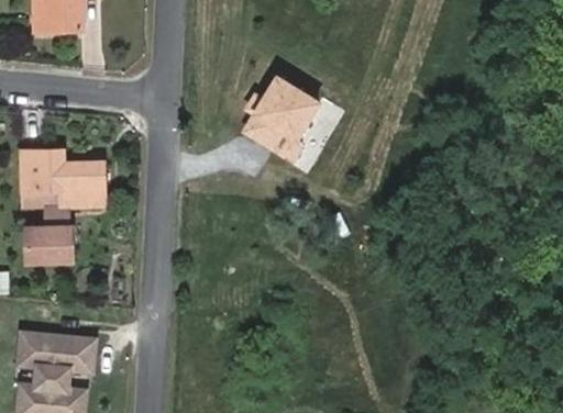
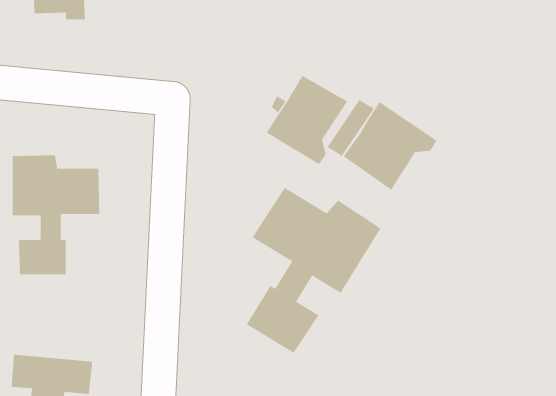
building: none -> [343,101,438,191]
building: none -> [246,187,381,354]

